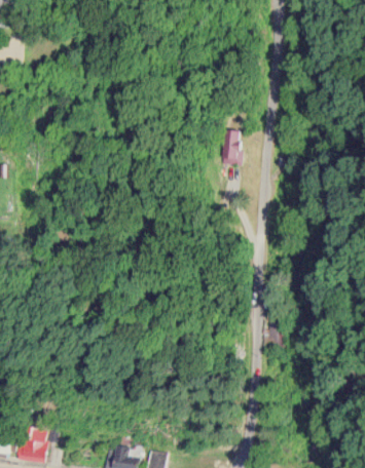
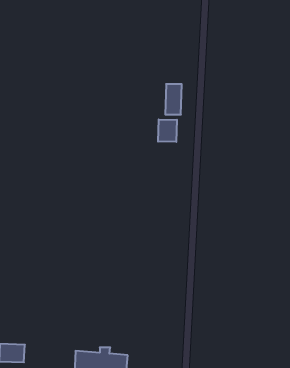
building: none -> [158,119,177,142]

